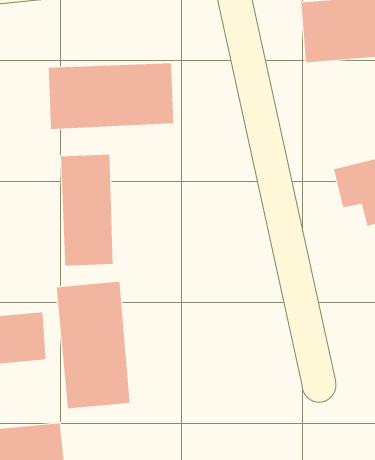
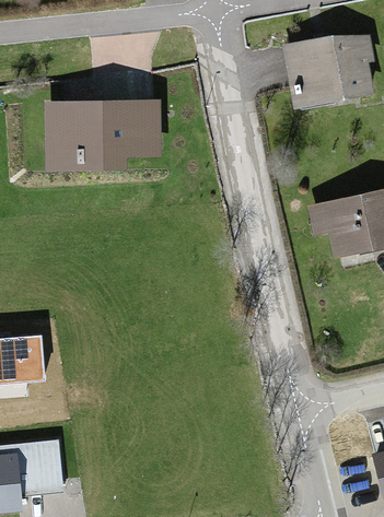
building: [61,154,113,266] -> none
building: [56,281,130,409] -> none

